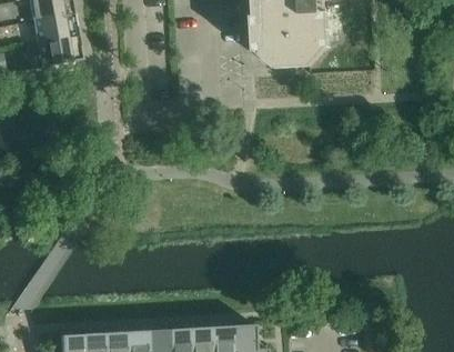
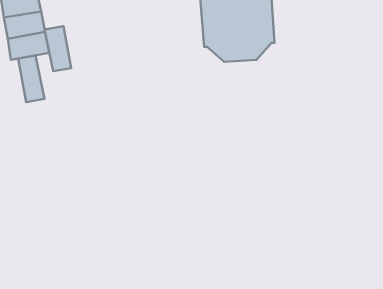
building: none -> [45,26,71,71]
building: none -> [18,56,44,102]

